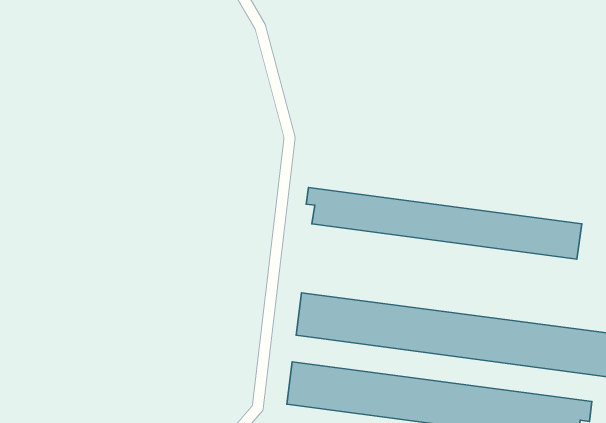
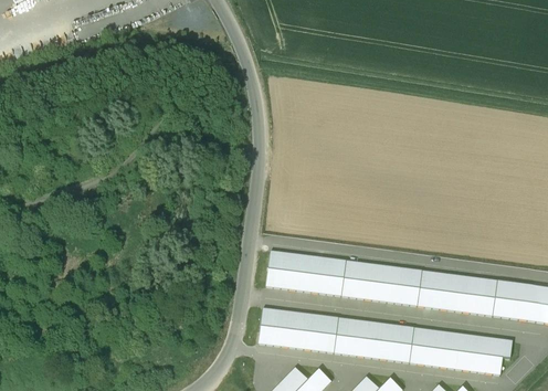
building: [306,188,582,259] -> none

